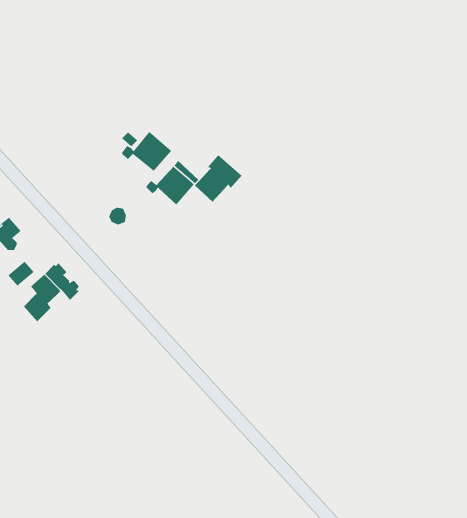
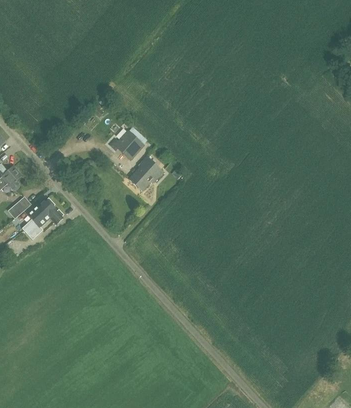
building: [121,131,172,172] -> none
building: [194,154,242,203] -> [129,156,163,190]

